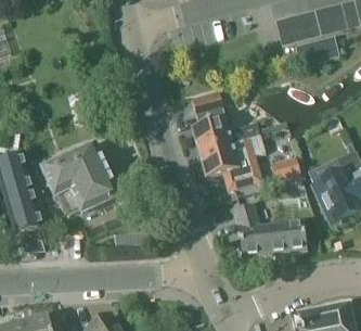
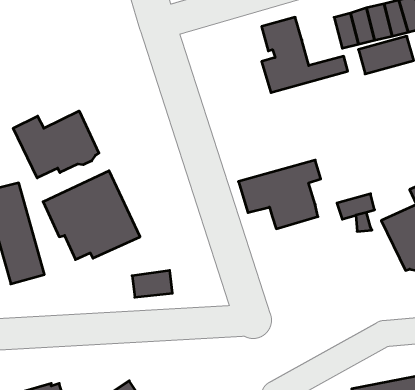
building: [192,90,261,151] -> [262,17,348,93]
building: none -> [13,111,99,178]
building: [234,200,308,256] -> none

